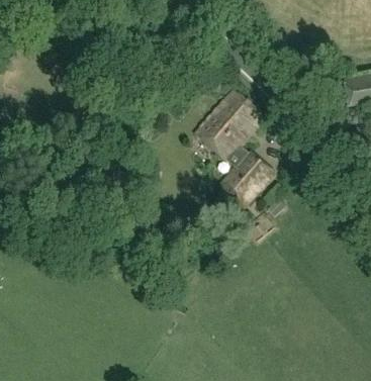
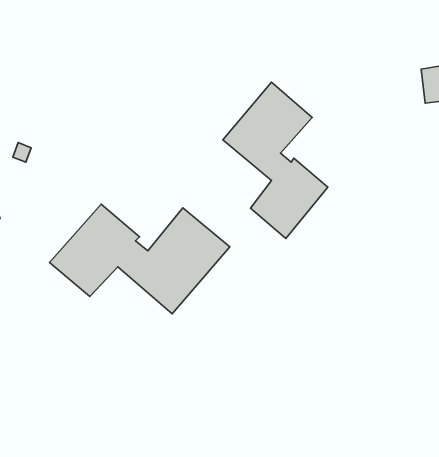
building: none -> [50,204,230,314]

